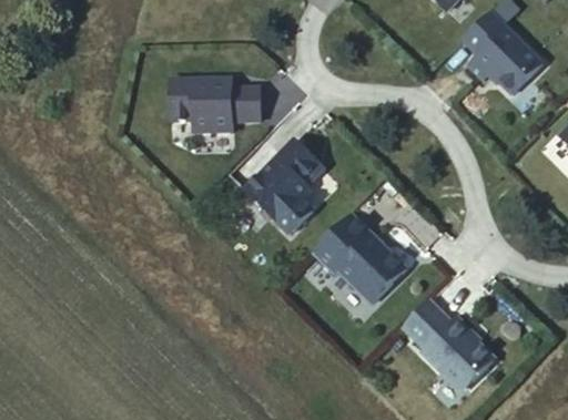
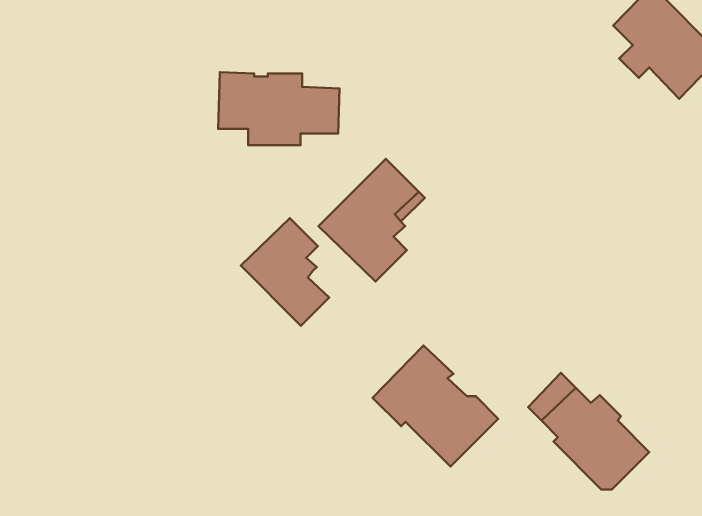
building: none -> [241,218,329,326]
building: [311,213,404,303] -> [373,345,498,467]

